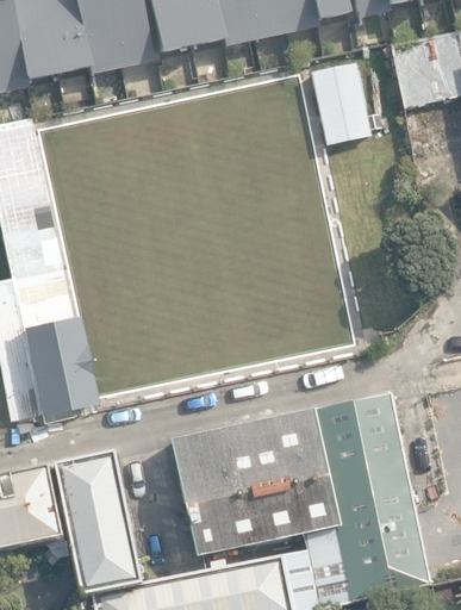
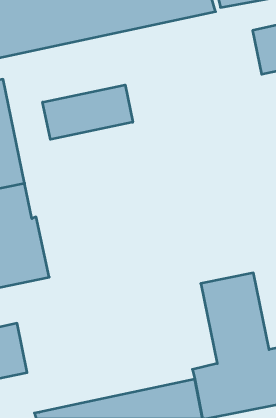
building: [313,64,373,145] -> none
building: none -> [43,85,133,139]
building: [173,411,341,558] -> none
building: [56,453,144,596] -> none

